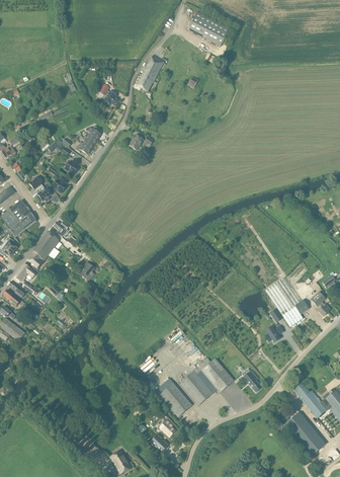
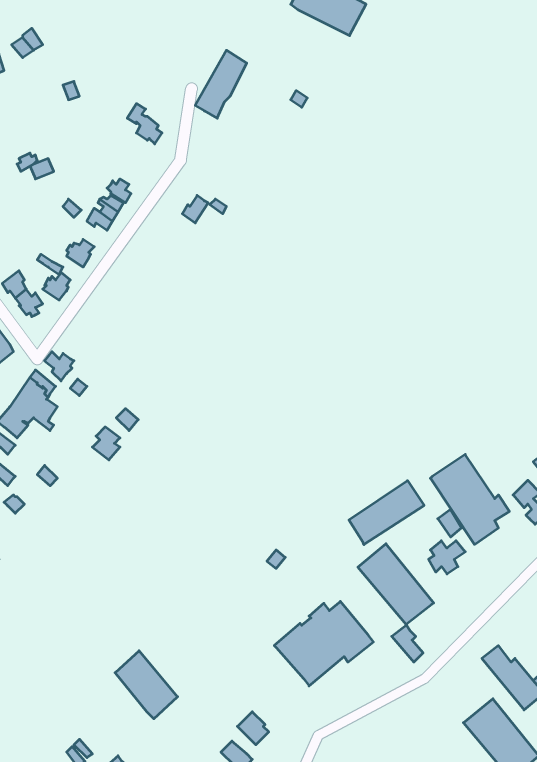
building: none -> [349,481,424,545]
building: none -> [358,544,434,625]
building: [157,379,191,416] -> [115,651,178,719]

